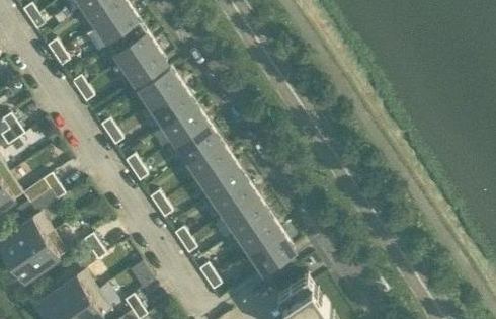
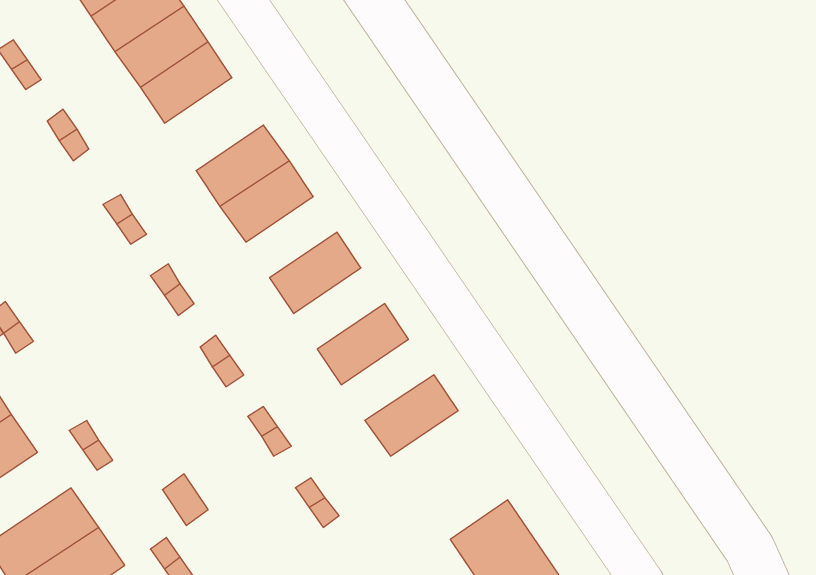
building: [136,68,182,109] -> none
building: [173,123,220,164] -> none
building: [197,159,244,201] -> none
building: [222,195,269,237] -> none
building: [247,232,294,273] -> none

